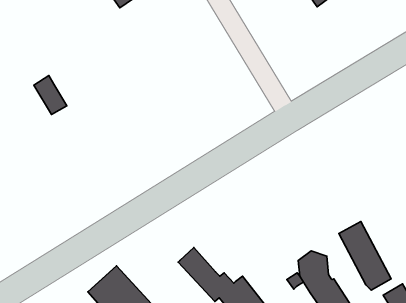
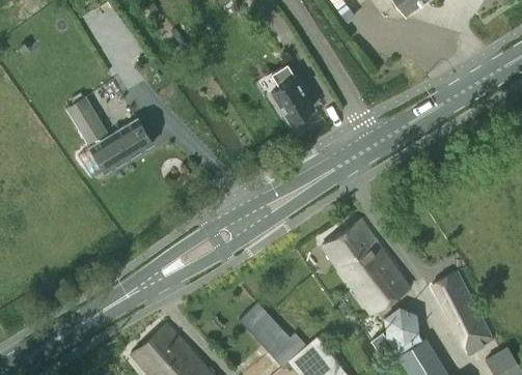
building: none -> [271,65,313,121]
building: none -> [90,118,152,172]
building: none -> [323,221,408,314]

